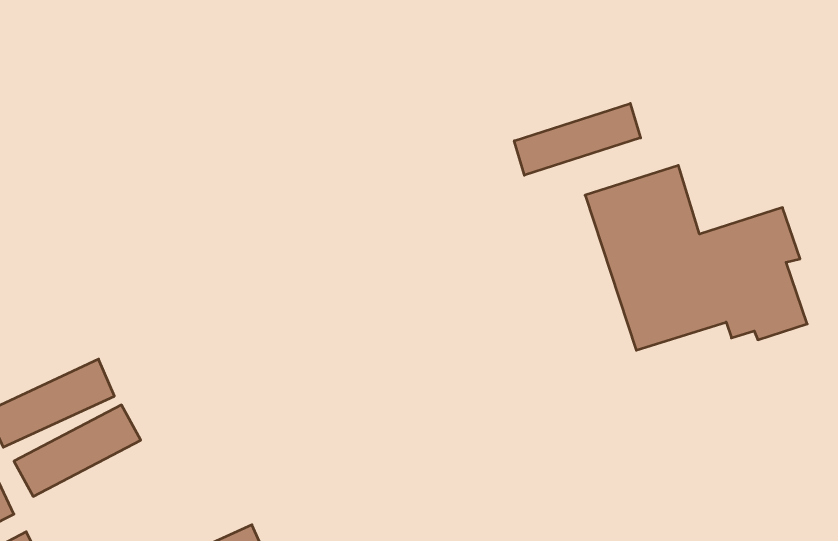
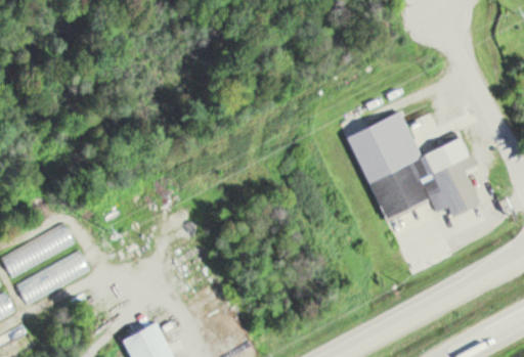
building: [514,103,641,175] -> none

